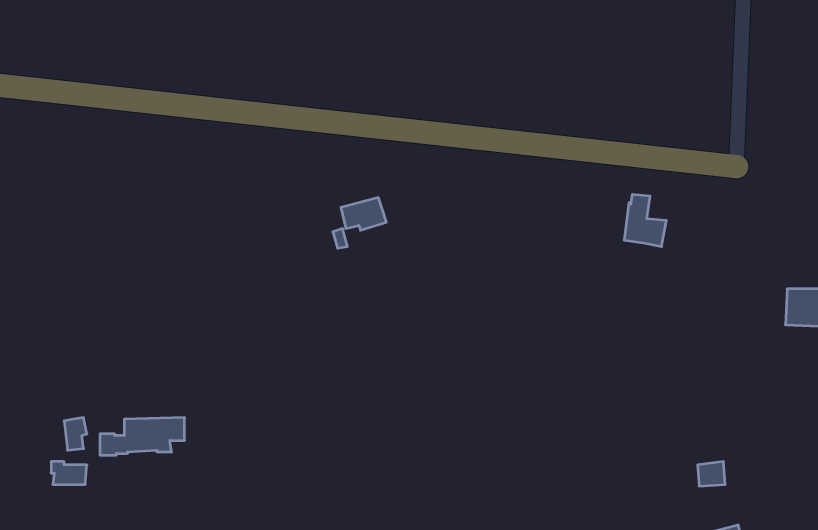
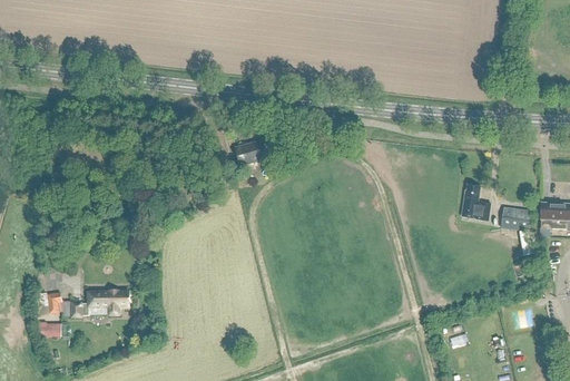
building: [624,194,666,247] -> [462,184,491,219]
building: none -> [501,206,533,229]

